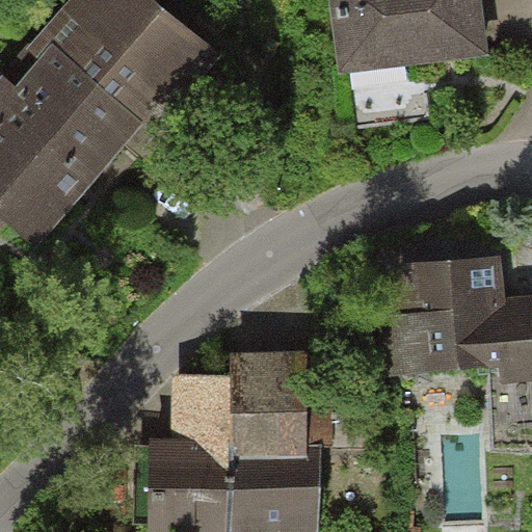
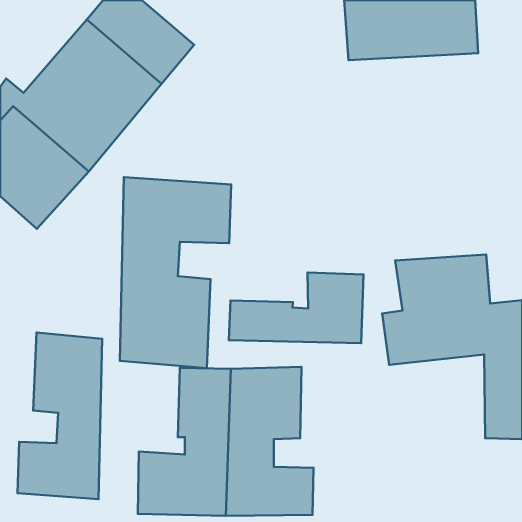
building: none -> [120,177,231,368]
building: none -> [229,273,364,343]
building: none -> [17,332,102,499]

